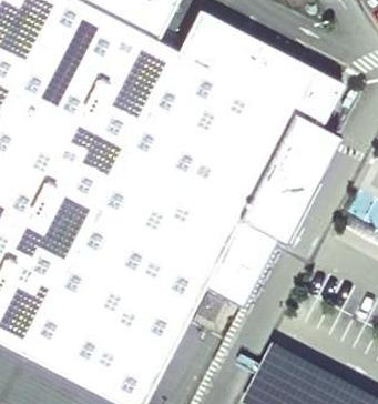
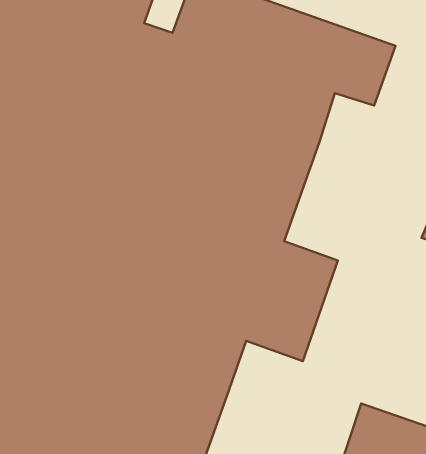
building: [238,113,338,241] -> none

